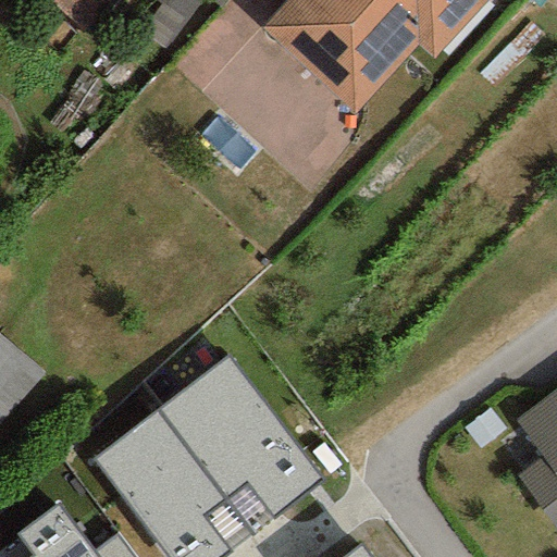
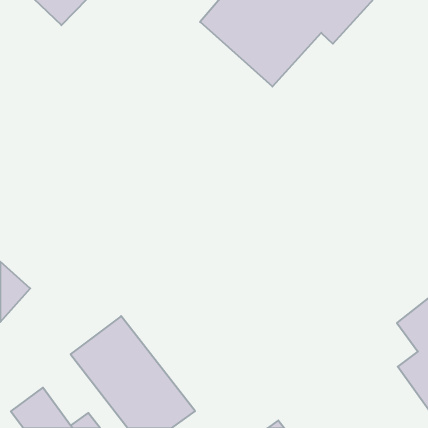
building: [159,356,323,532] -> none

